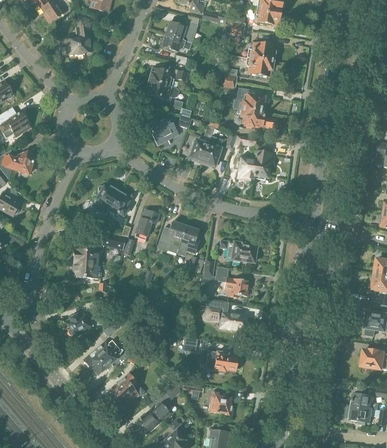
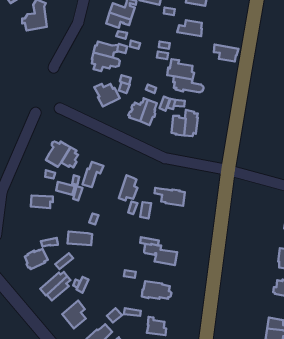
building: [245,56,274,76] -> [214,44,238,61]
building: [158,221,186,252] -> none
building: [72,262,101,278] -> [68,232,92,245]
building: [214,266,250,297] -> none

